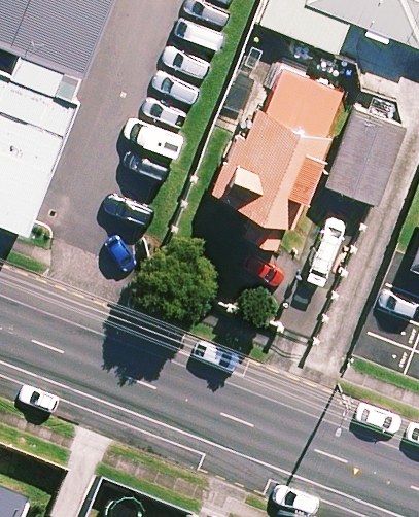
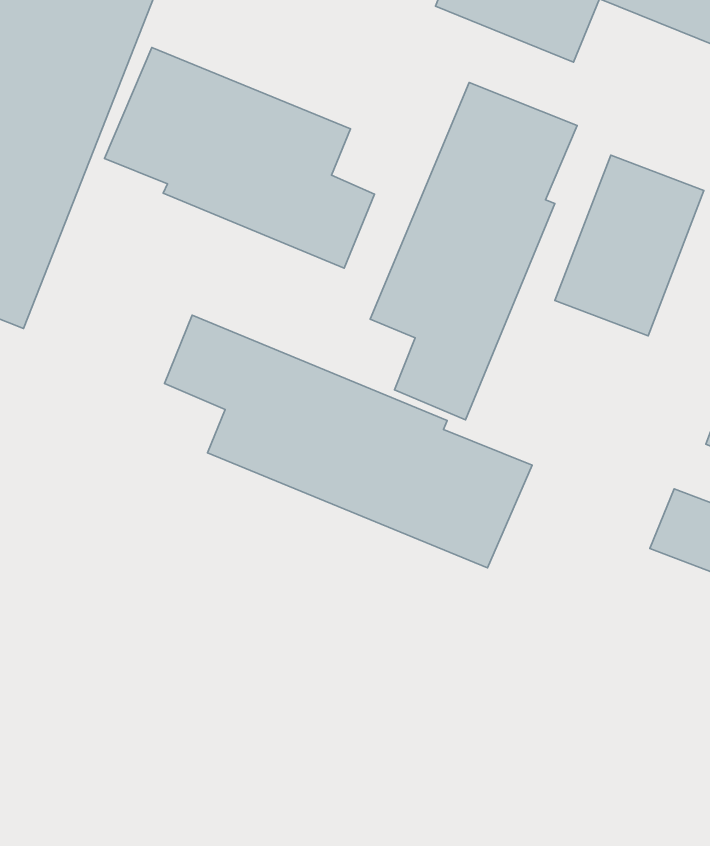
building: none -> [104,47,374,268]
building: none -> [164,315,532,568]

